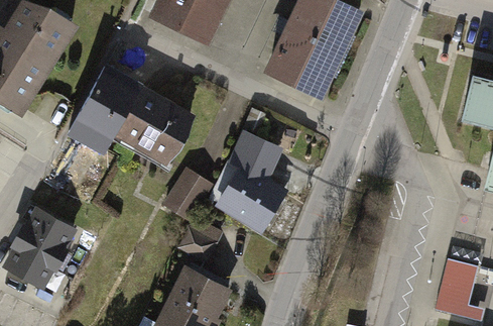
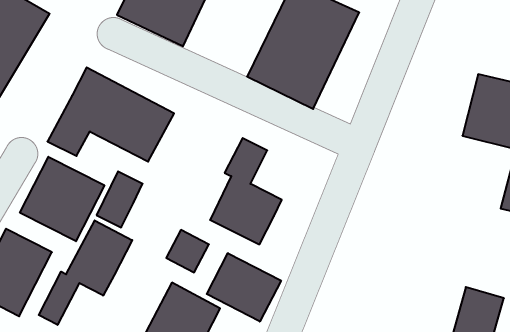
building: none -> [20,157,104,241]
building: [165,164,207,214] -> [97,171,143,227]
building: none -> [39,220,132,325]
building: none -> [207,253,281,322]

